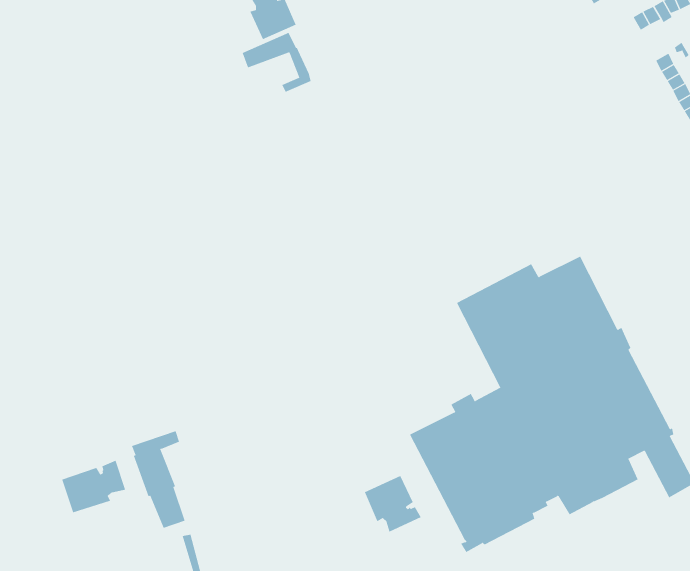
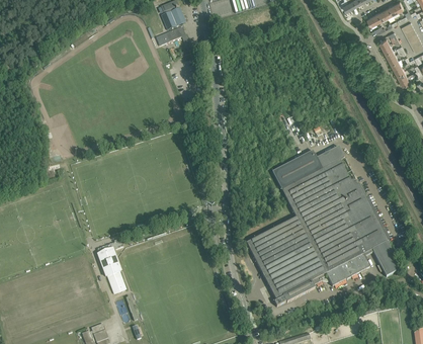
building: [62,460,126,513] -> none
building: [364,475,422,532] -> none

